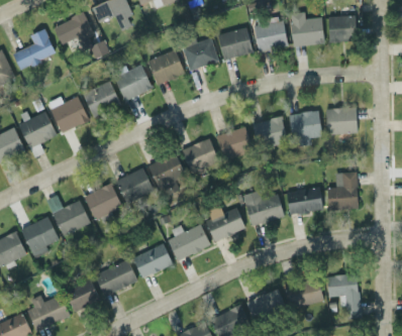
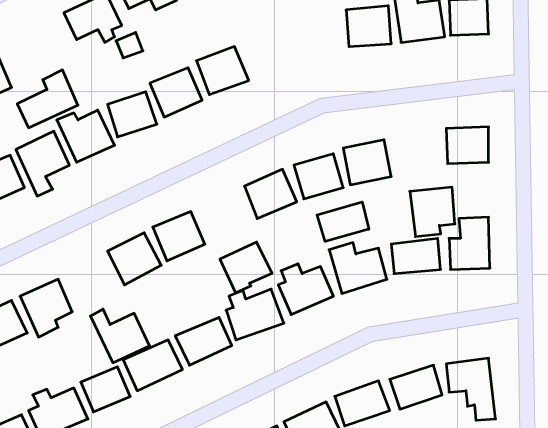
building: [12,29,56,71] -> [17,70,78,128]
building: [218,29,252,59] -> none
building: [182,38,218,71] -> none
building: [289,111,321,146] -> [410,187,455,237]
building: [148,154,186,191] -> [220,242,272,293]
building: none -> [317,202,369,241]
building: [47,198,90,236] -> [90,309,150,363]

